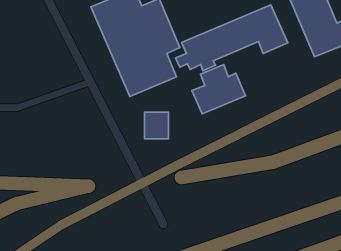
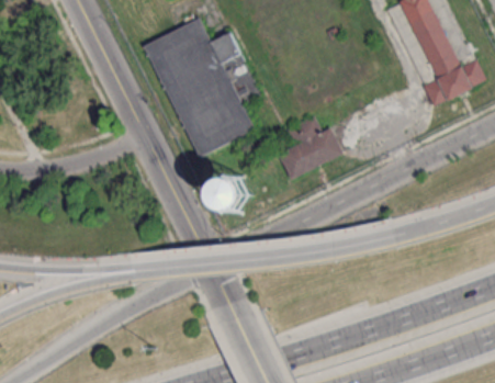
building: [175,5,288,71] -> none

